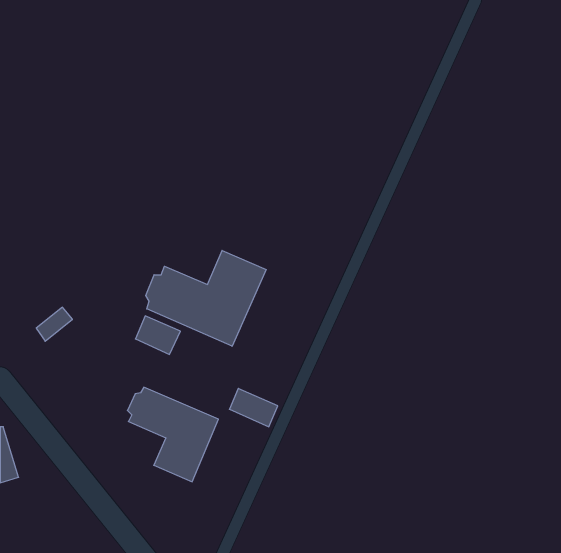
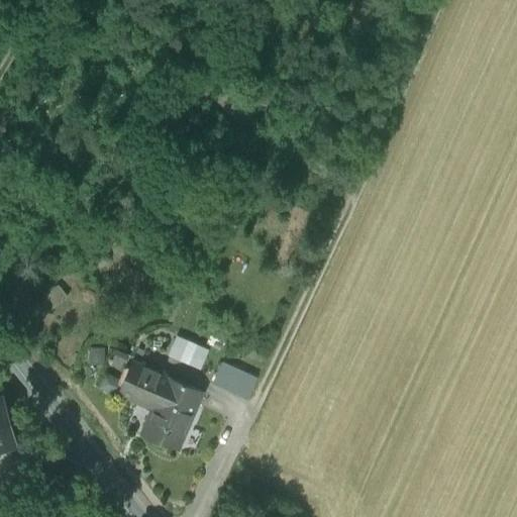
building: [146,250,266,346] -> none
building: [135,316,180,354] -> [169,335,210,371]

